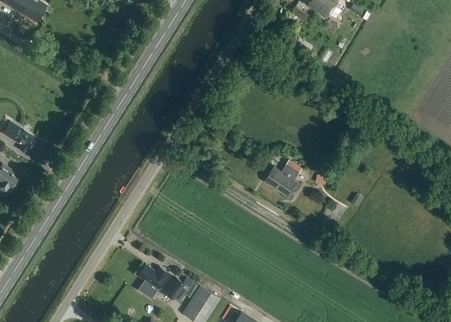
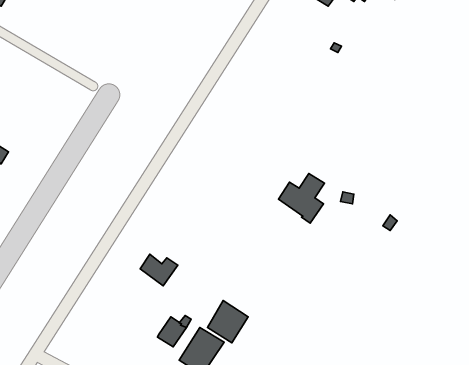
building: [136,263,167,289] -> [140,254,178,286]
building: none -> [207,300,248,343]

